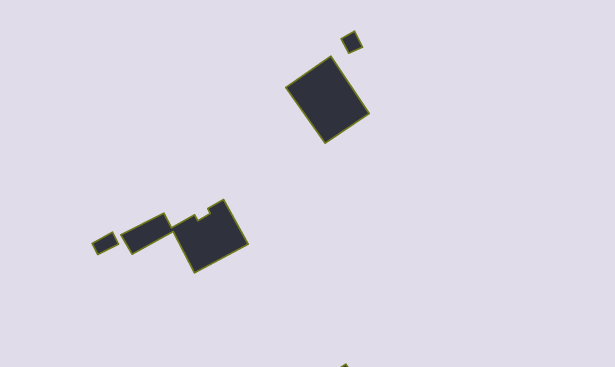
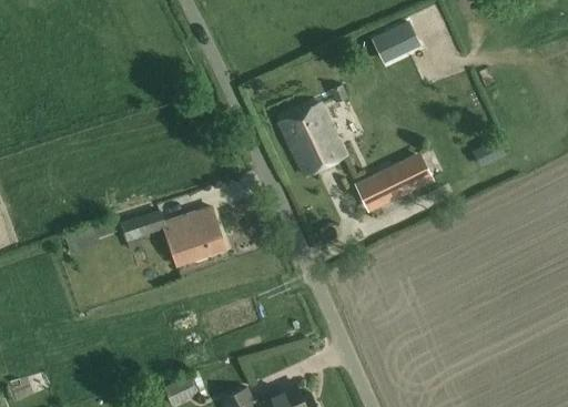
building: none -> [357,157,428,208]

